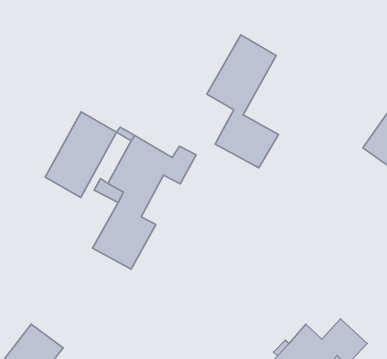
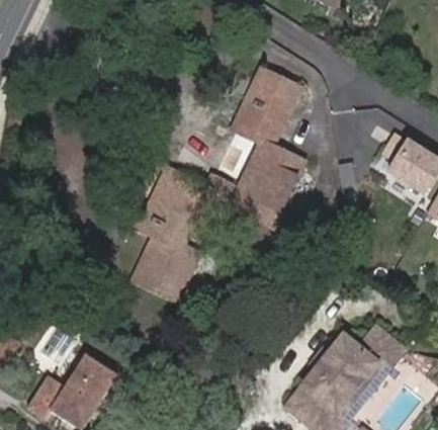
building: [45,112,117,197] -> none
building: none -> [230,174,287,226]

